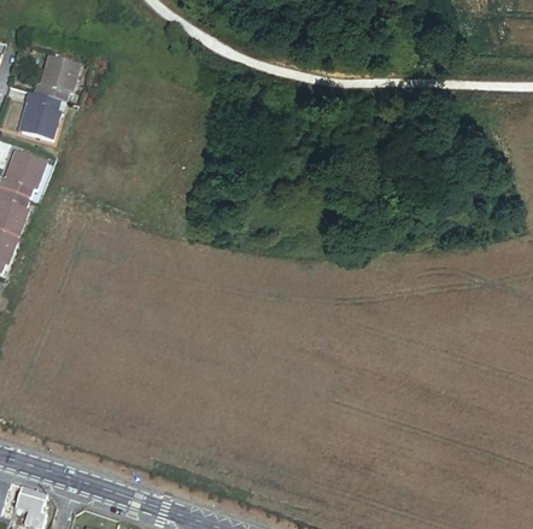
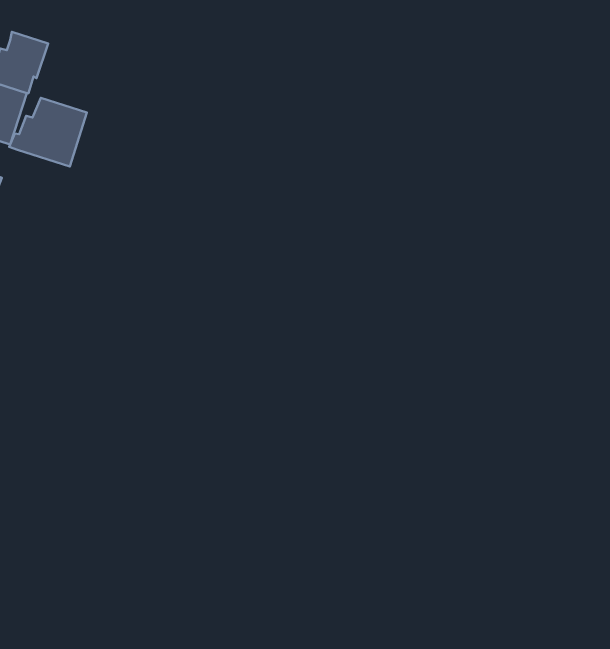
building: none -> [9,98,87,167]

